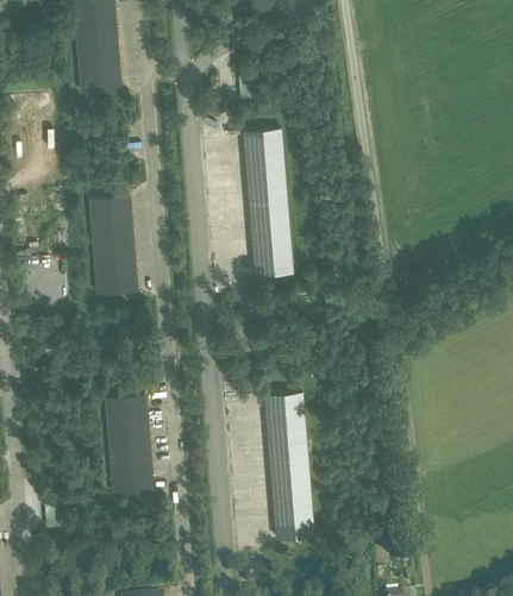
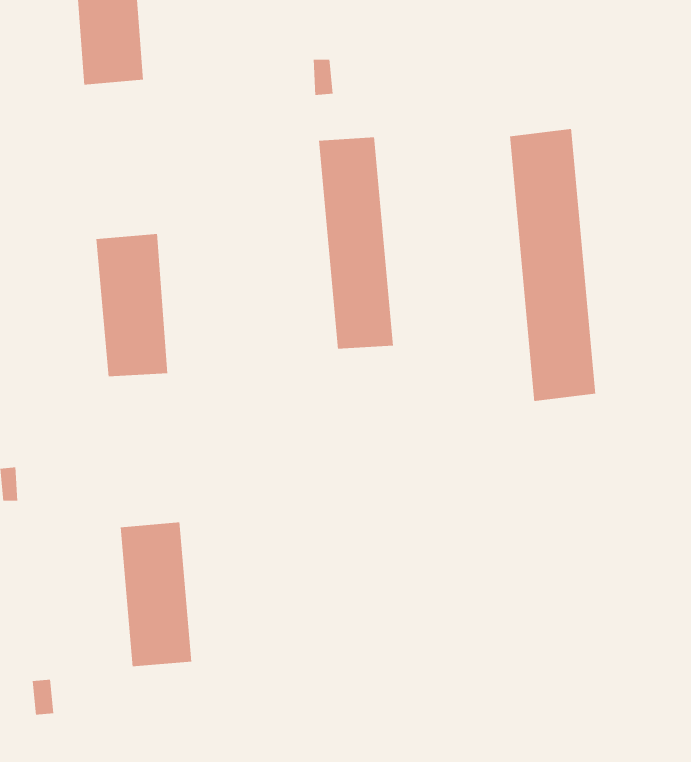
building: none -> [510,128,596,402]
building: [264,393,315,539] -> none

